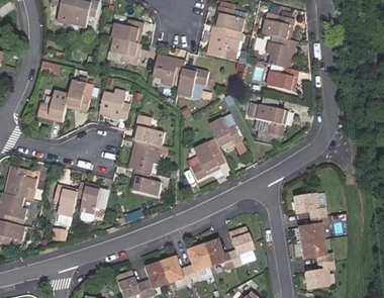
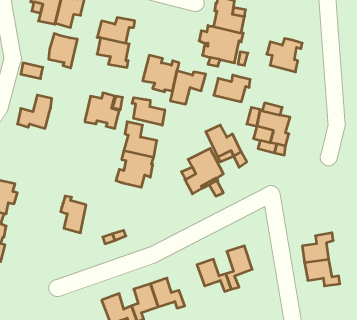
building: [263,10,296,39] -> none
building: [267,67,300,91] -> [214,75,250,102]
building: [69,79,95,110] -> [49,34,77,68]
building: none -> [132,98,165,125]
building: [133,170,163,197] -> none
building: [56,184,79,217] -> none
building: [293,194,325,218] -> none
building: [186,244,209,282] -> none
building: [304,262,333,289] -> none

